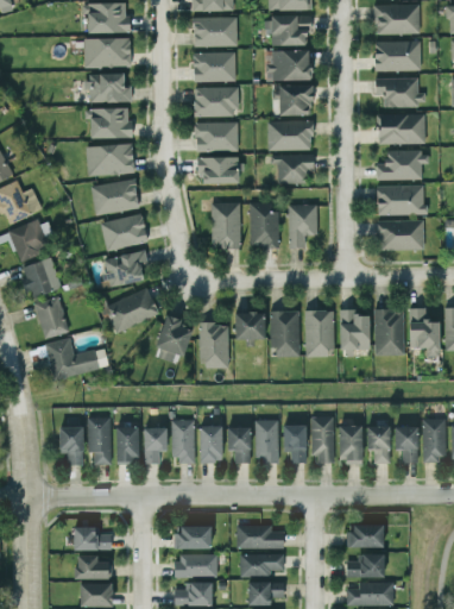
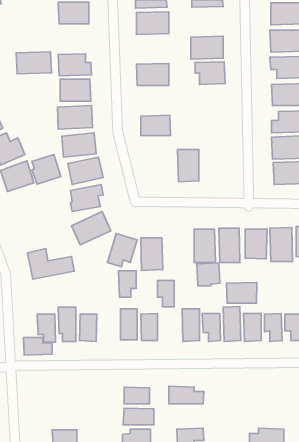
building: [267,15,309,45] -> none
building: [83,38,131,68] -> [16,52,51,74]
building: [193,52,235,82] -> none
building: [266,121,313,151] -> none
building: [195,123,238,151] -> none
building: [275,156,314,183] -> none
building: [210,202,240,250] -> none
building: [288,205,317,249] -> none
building: [21,258,61,299] -> [32,154,61,184]
building: [34,297,68,339] -> none
building: [234,312,265,343] -> [197,263,220,286]
building: none -> [227,282,257,303]
building: [143,428,166,464] -> [119,271,136,297]
building: [227,428,250,464] -> [157,281,174,307]
building: [348,525,383,547] -> none
building: [72,527,112,551] -> [23,338,52,355]
building: [239,554,284,577] -> none
building: [346,554,384,577] -> none
building: [75,555,112,579] -> none

